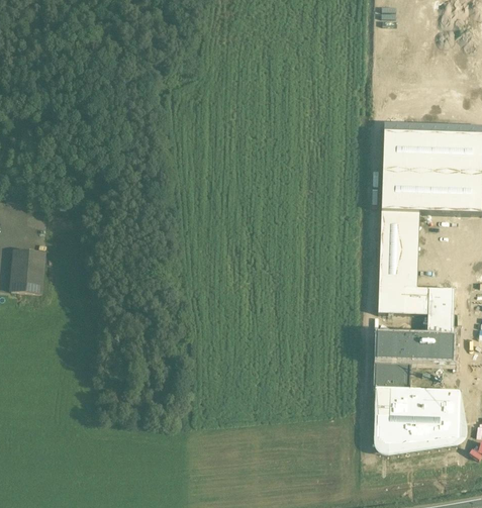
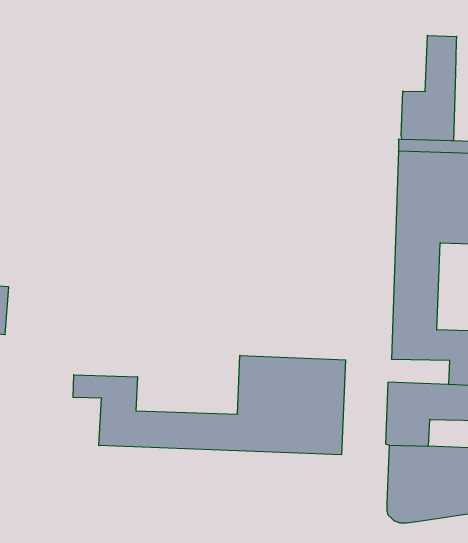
building: none -> [401,35,457,141]
building: none -> [73,355,346,455]

